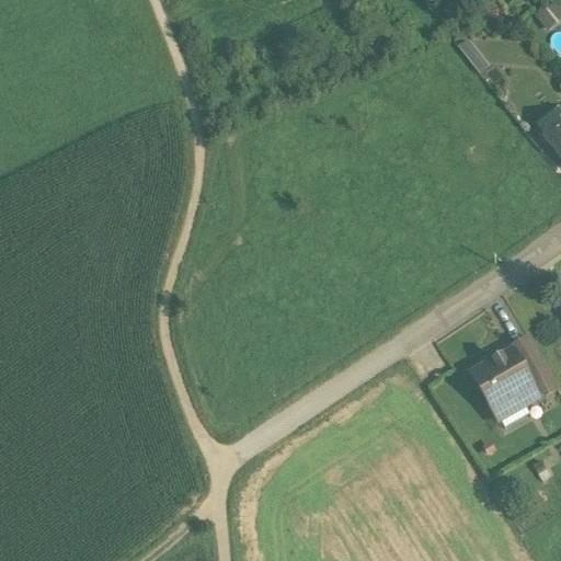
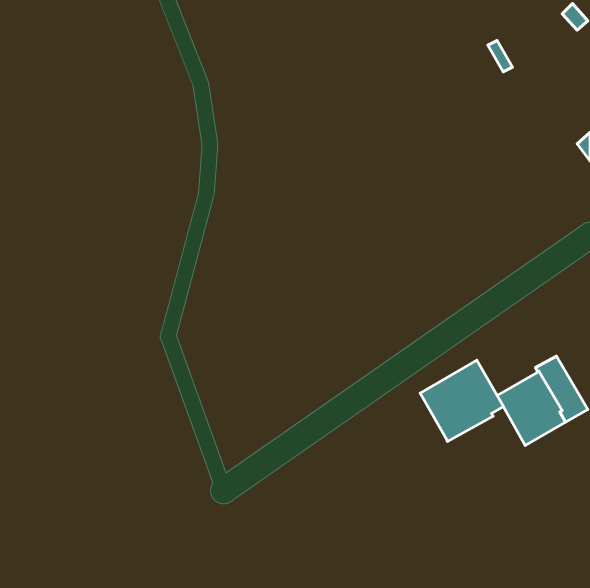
building: none -> [420,360,503,442]

